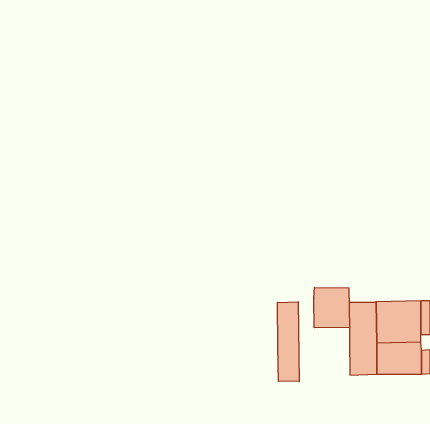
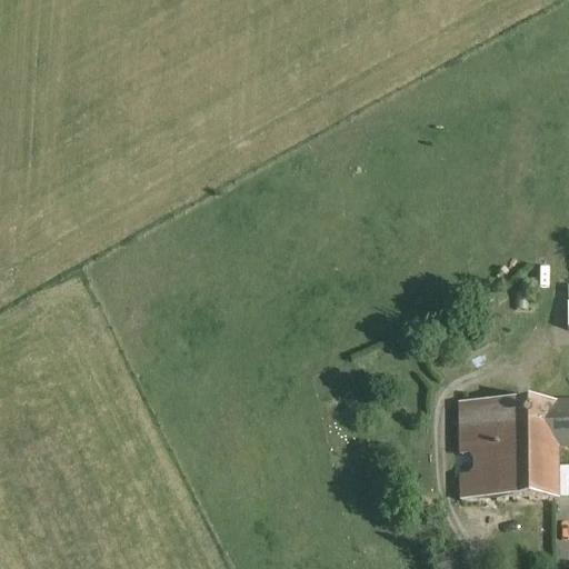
building: [314,287,349,328] -> none
building: [277,302,299,382] -> none

